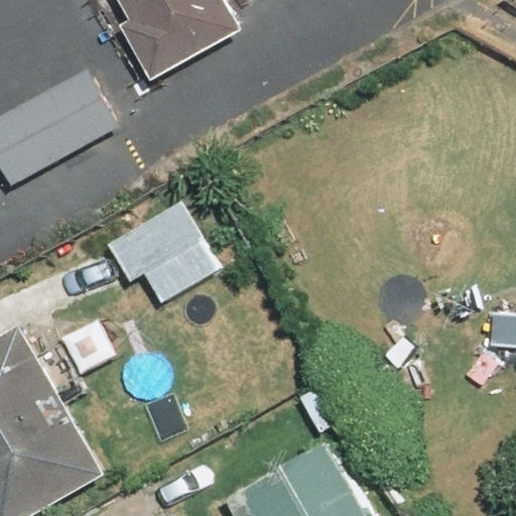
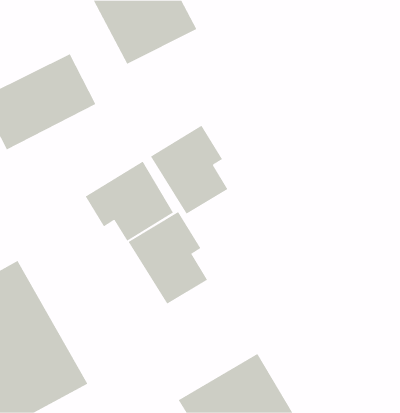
building: none -> [150,125,228,214]
building: none -> [128,211,208,304]

